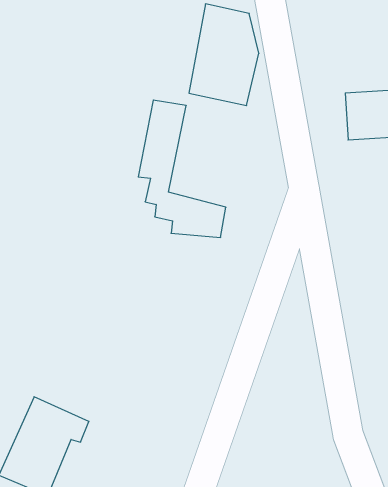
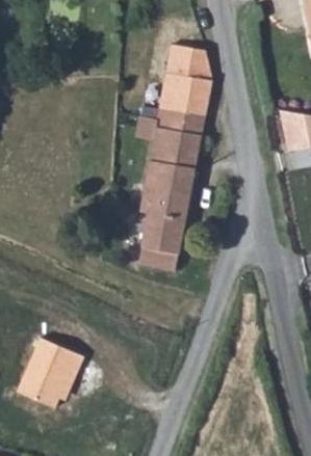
building: none -> [144,114,203,200]
building: none -> [138,220,183,290]

